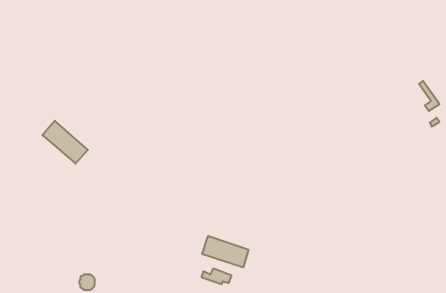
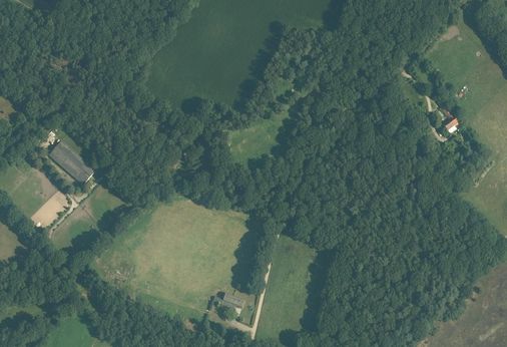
building: [202,236,248,267] -> none

